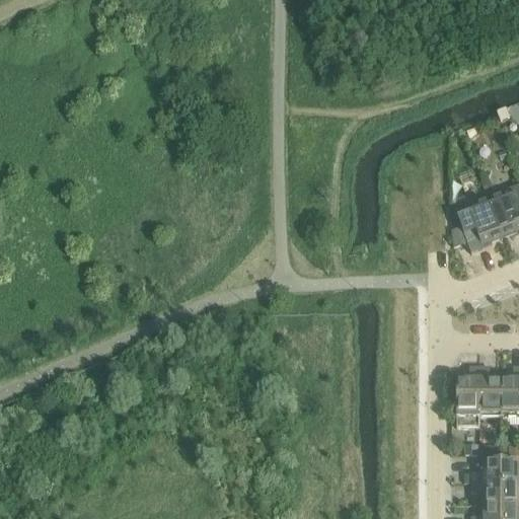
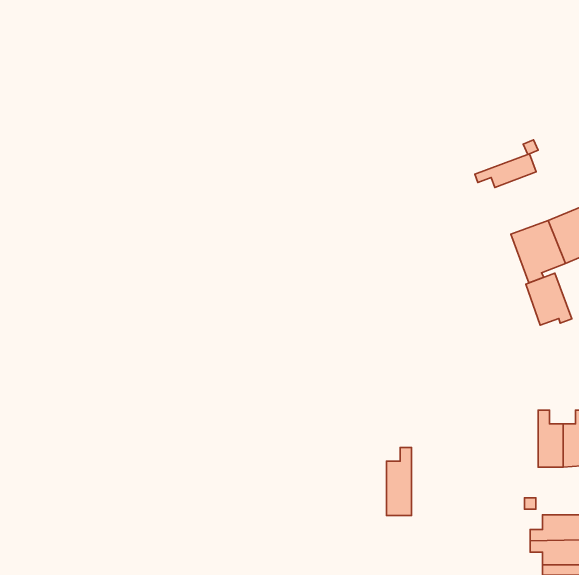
building: none -> [475,154,536,187]
building: none -> [526,273,572,325]
building: [459,366,481,427] -> [386,447,411,516]

